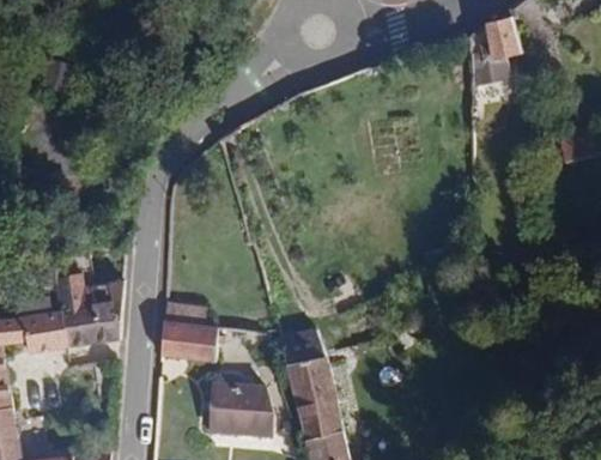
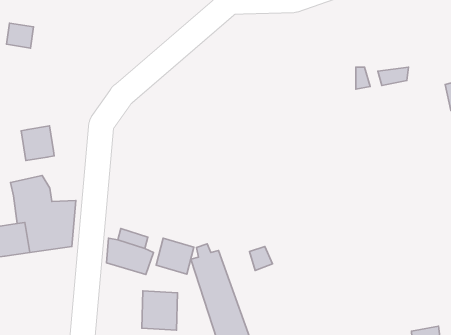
building: [486,36,522,85] -> none
building: none -> [21,126,54,161]
building: none -> [156,238,194,274]

